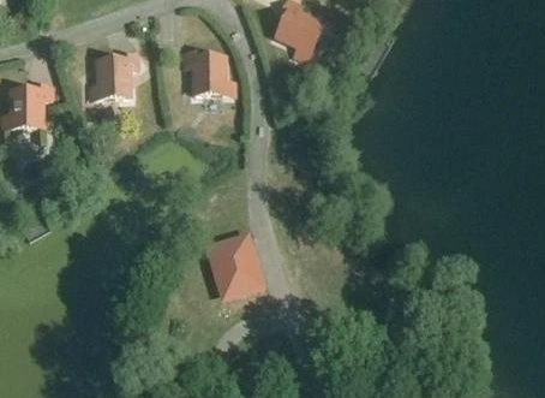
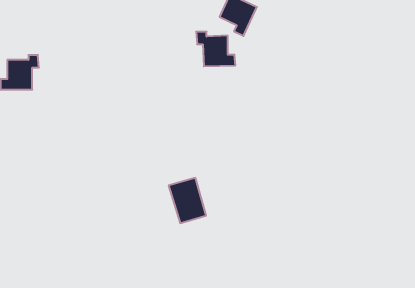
building: [185,52,234,95] -> [196,32,235,66]
building: [90,54,137,99] -> none

